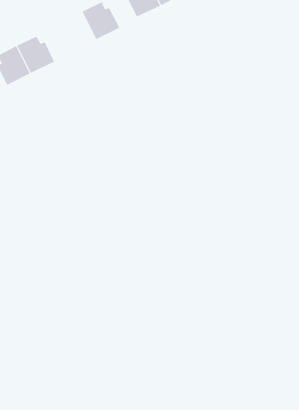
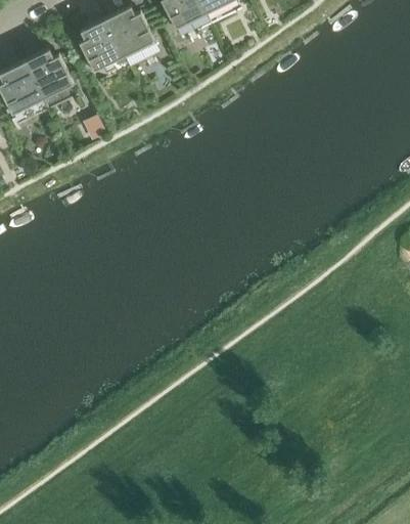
building: none -> [80,20,123,71]

